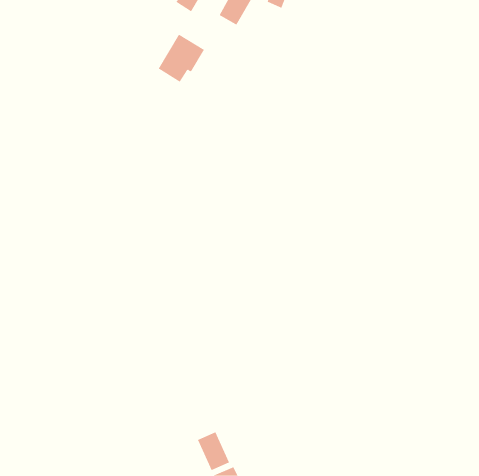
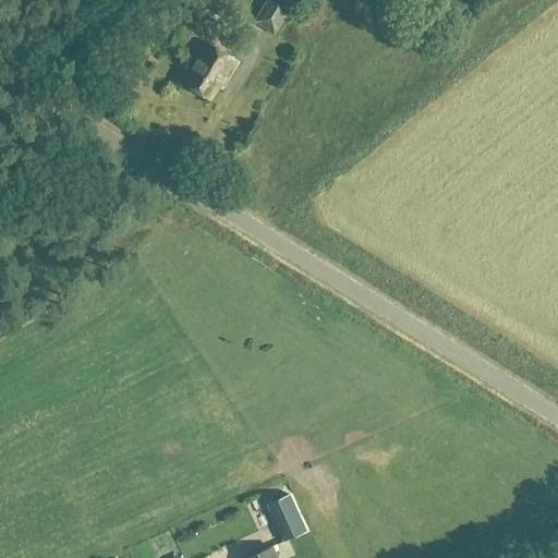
building: [197,431,230,471] -> [267,492,305,537]

